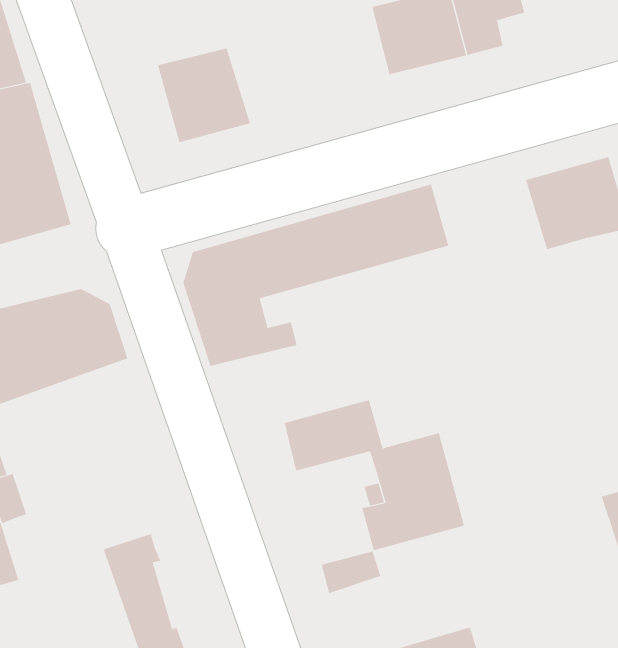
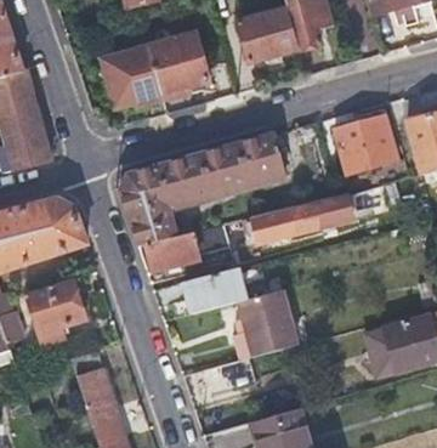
building: none -> [147,34,209,95]
building: none -> [251,185,379,242]
building: none -> [146,225,228,271]
building: none -> [23,279,84,346]

